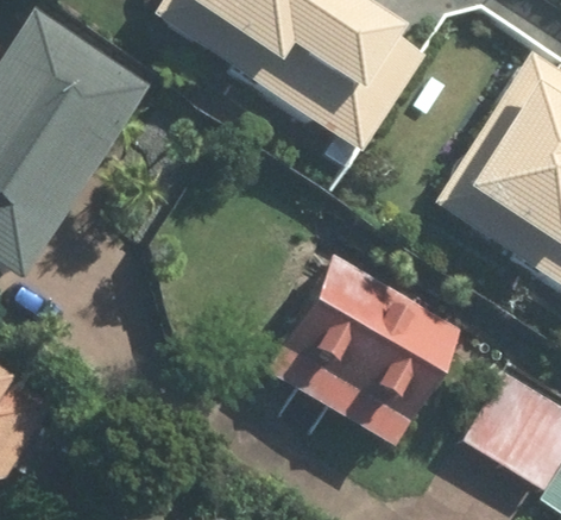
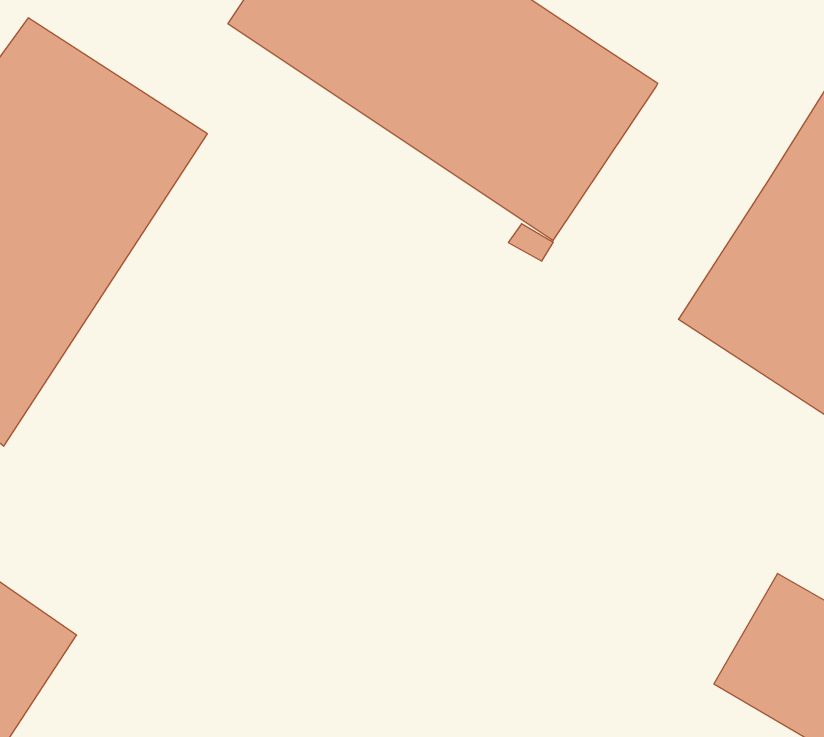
building: [267,257,459,449] -> none

